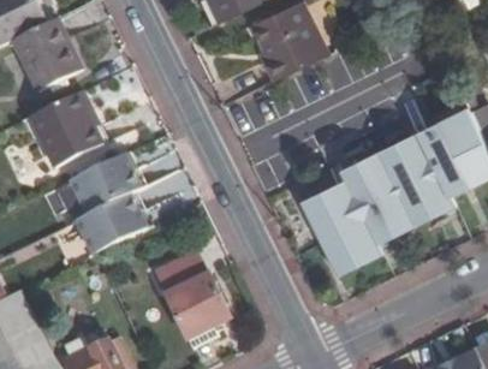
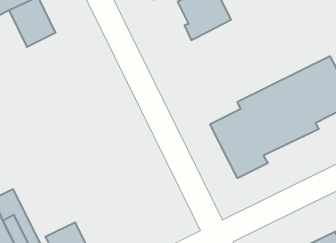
building: [34,90,100,165] -> none
building: [71,154,145,254] -> none
building: [154,251,227,337] -> none

